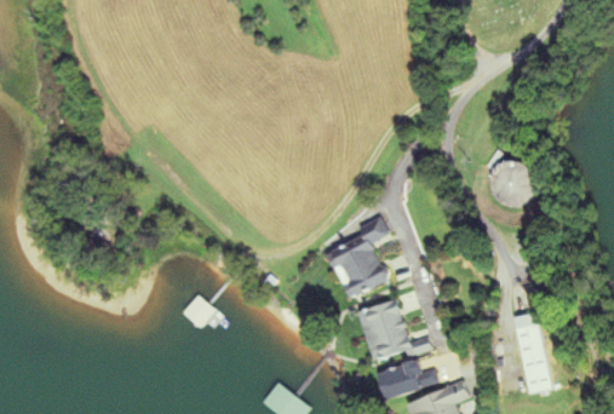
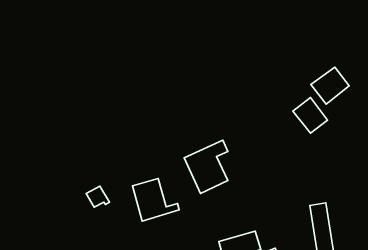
building: none -> [311,67,349,104]
building: [358,299,429,363] -> [132,179,179,221]

